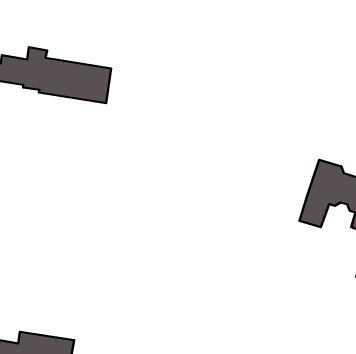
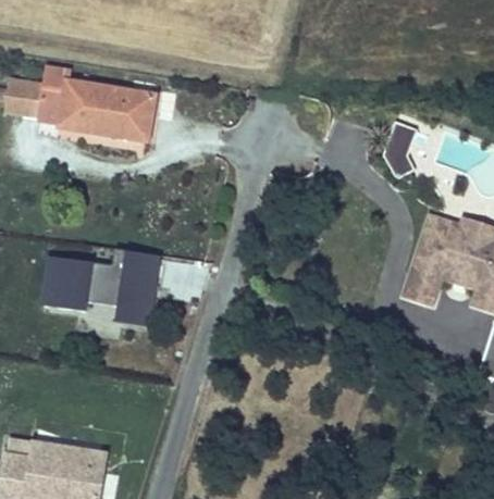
building: none -> [385,120,417,175]
building: none -> [45,250,160,322]

